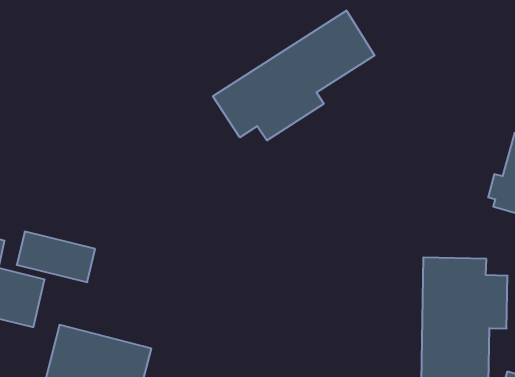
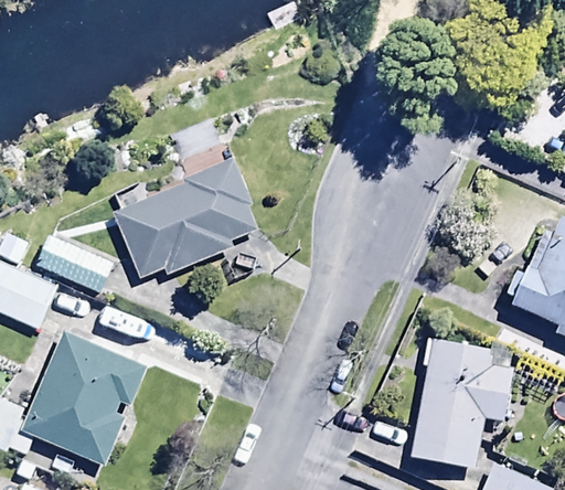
building: [213,10,375,140] -> none
building: none -> [114,160,255,275]

